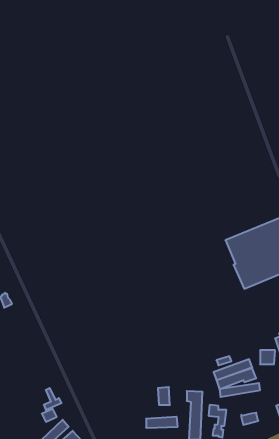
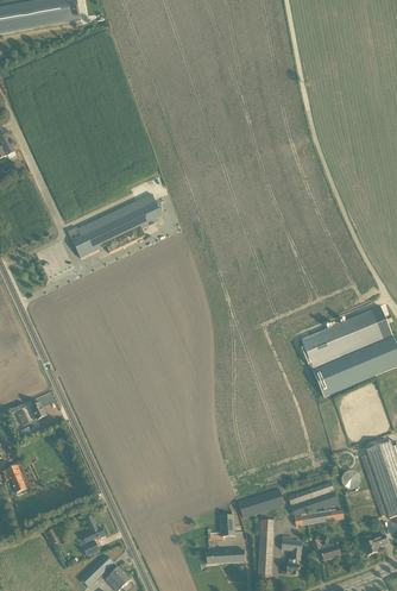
building: none -> [67,193,160,257]
building: none -> [237,488,283,517]

